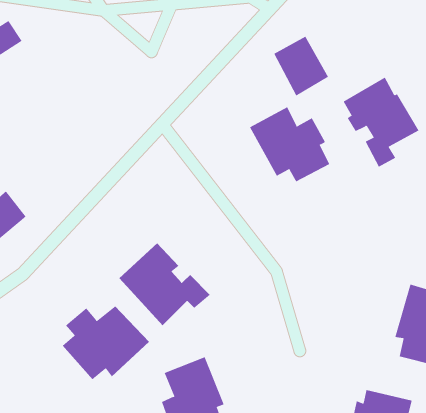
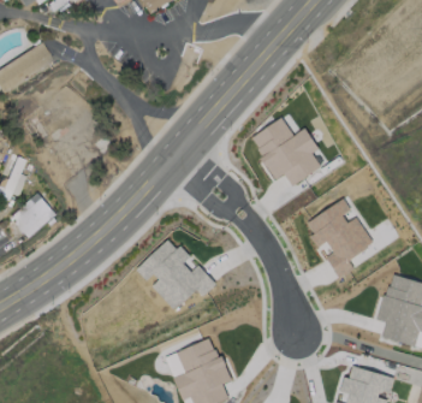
building: [274,36,329,97] -> none
building: [343,77,420,168] -> [307,198,374,278]
building: [62,305,150,380] -> none

